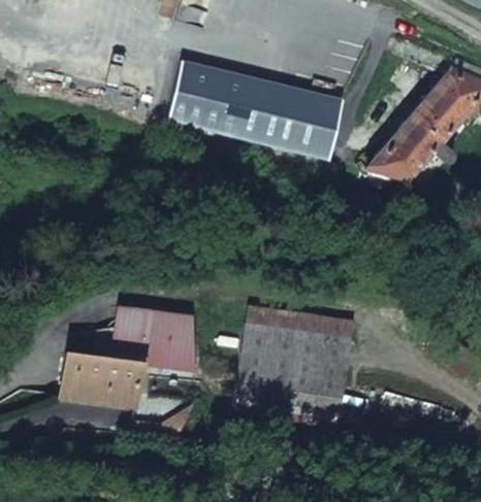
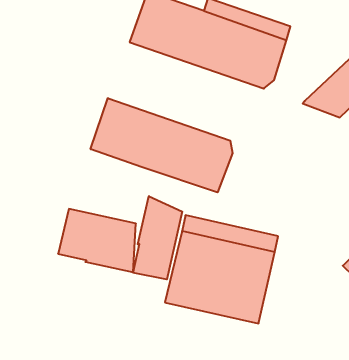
building: none -> [91,98,232,192]
building: none -> [133,196,182,279]
building: [61,356,142,408] -> none

